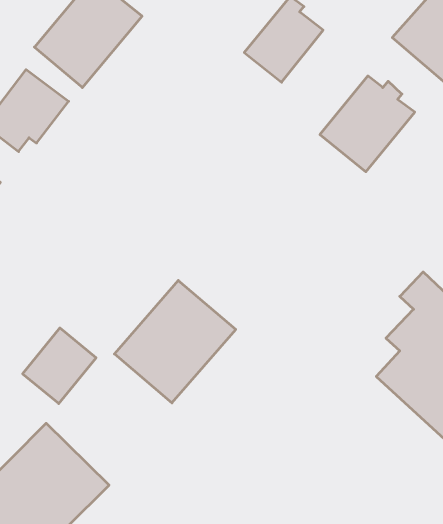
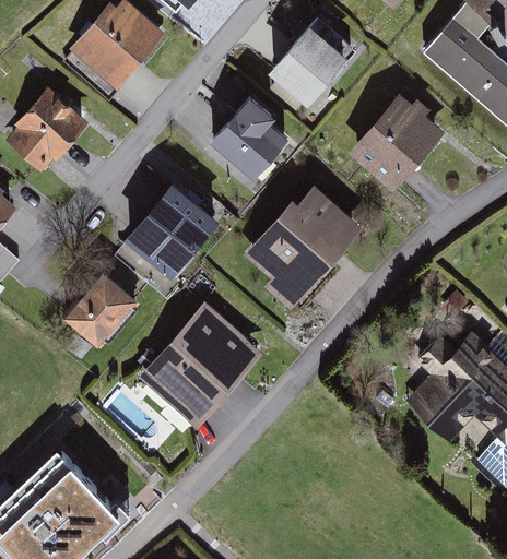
building: none -> [209,92,291,178]
building: none -> [114,182,225,298]
building: none -> [243,185,364,311]
building: [23,328,96,404] -> [63,270,139,347]

